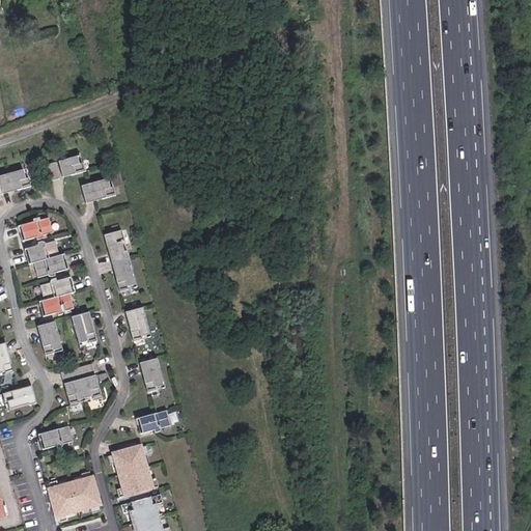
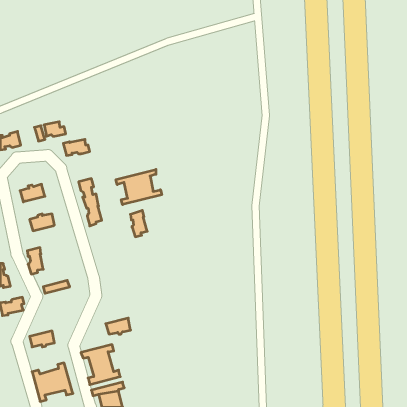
building: [23,216,55,239] -> none
building: none -> [116,169,162,205]
building: [35,253,68,276] -> none
building: [44,292,75,315] -> none
building: [127,307,148,341] -> [130,210,147,237]
building: [73,312,96,343] -> none
building: [139,357,161,391] -> none
building: [64,375,100,407] -> none

